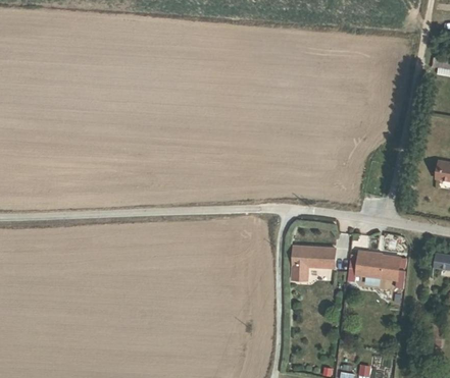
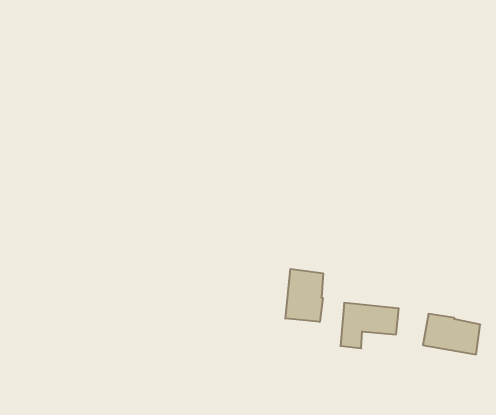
building: none -> [285,269,323,322]

